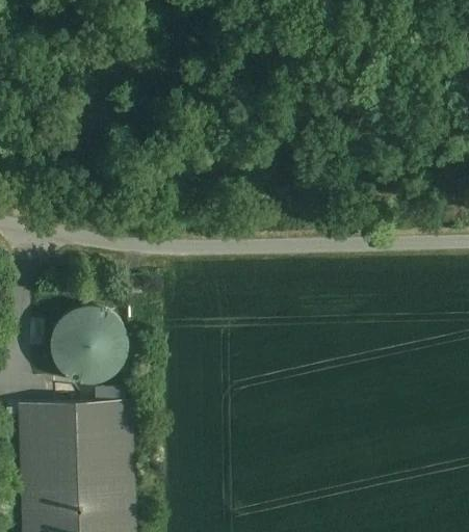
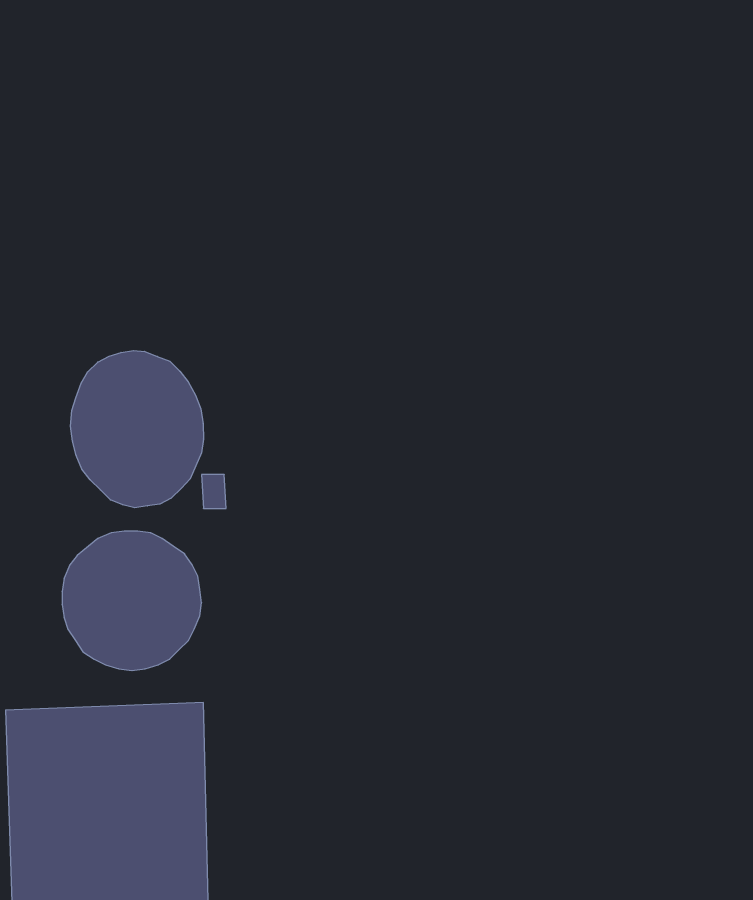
building: none -> [70,351,203,508]

